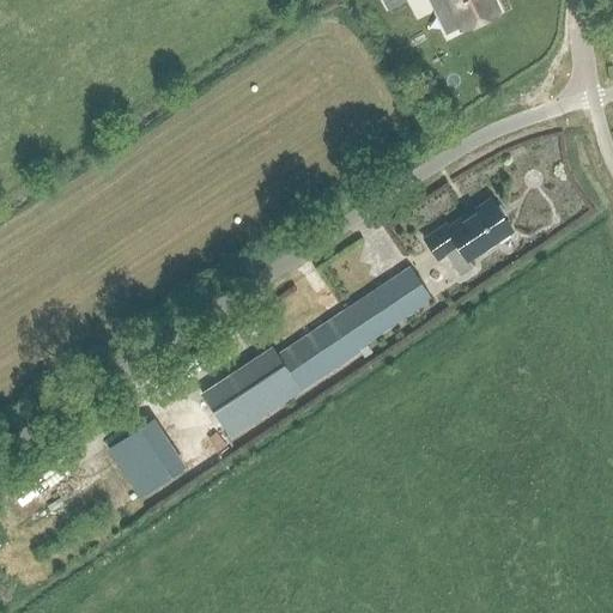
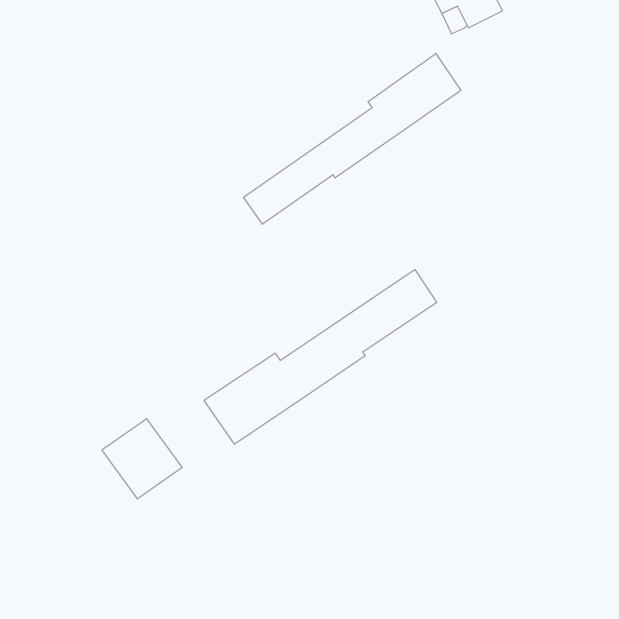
building: none -> [243,53,461,224]
building: [447,199,514,275] -> none

